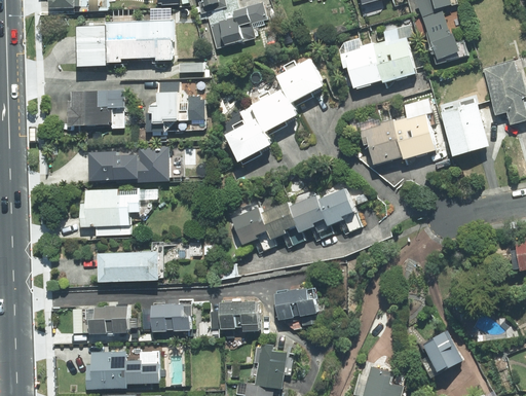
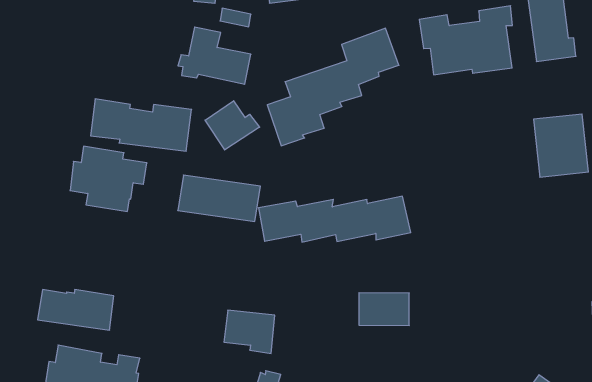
building: [68,87,123,127] -> none
building: [360,93,437,165] -> none
building: none -> [205,101,260,150]
building: [99,251,161,281] -> [178,175,260,221]
building: [274,287,318,319] -> [359,293,409,325]
building: [151,303,192,331] -> none

